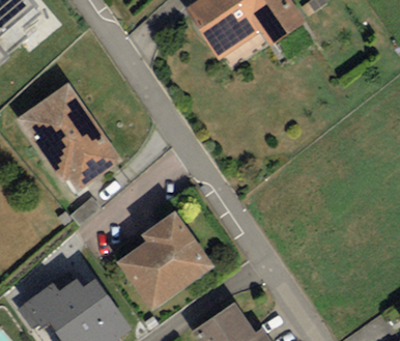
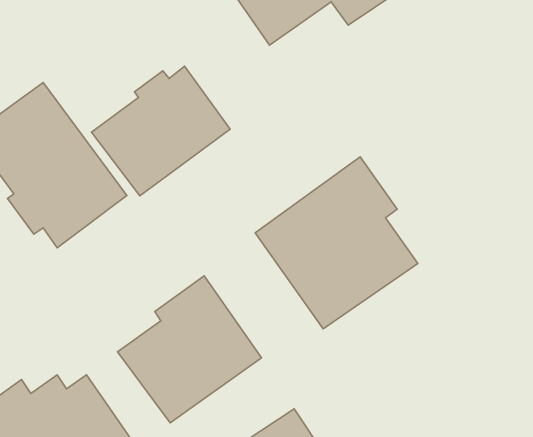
building: none -> [92,66,230,196]
building: none -> [255,157,418,329]

